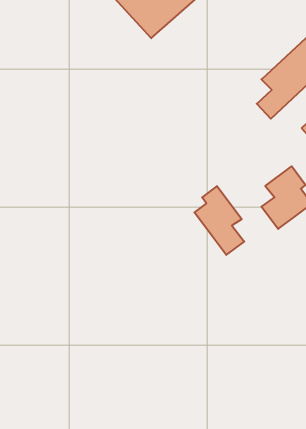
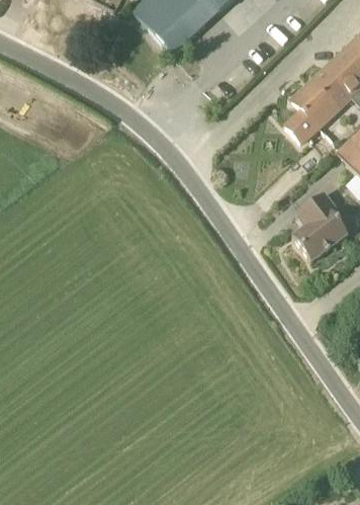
building: [194,186,244,255] -> none

